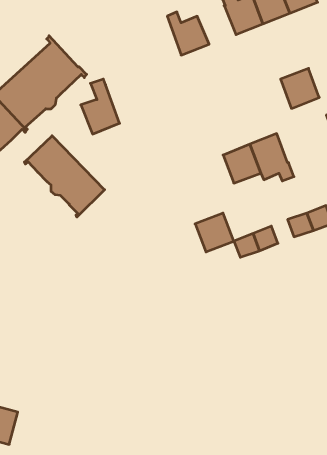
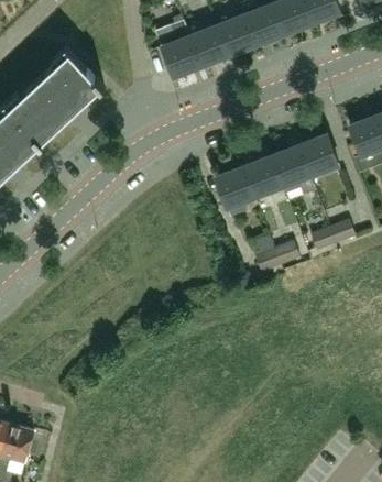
building: none -> [218,15,258,55]
building: [281,68,319,108] -> [299,135,339,176]
building: [81,79,120,134] -> [162,21,201,77]
building: [24,136,105,217] -> none
building: [195,213,234,252] -> [216,168,255,208]

